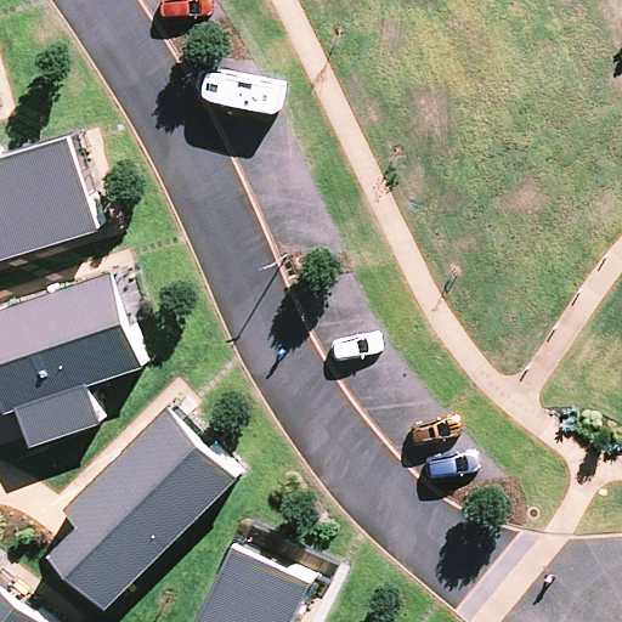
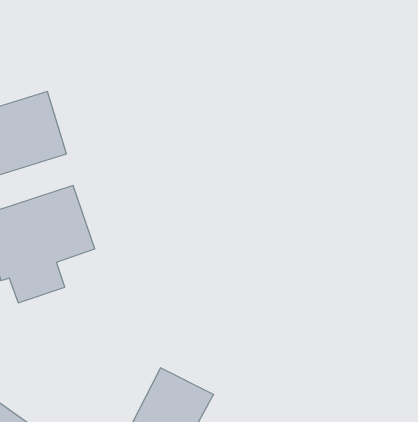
building: [52,413,232,609] -> none

